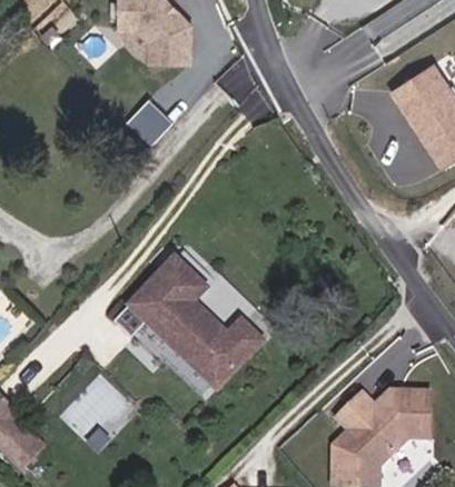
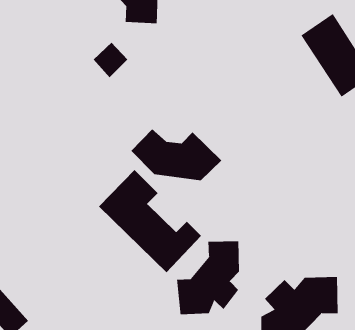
building: none -> [130,128,222,181]
building: none -> [176,240,240,315]

